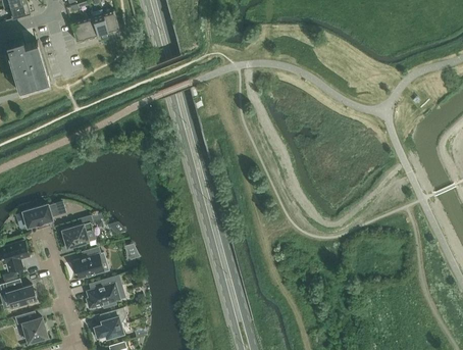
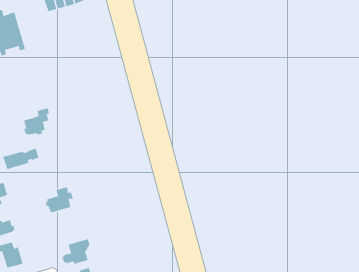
building: [61,215,93,248] -> [23,107,50,135]
building: [86,276,122,308] -> none

